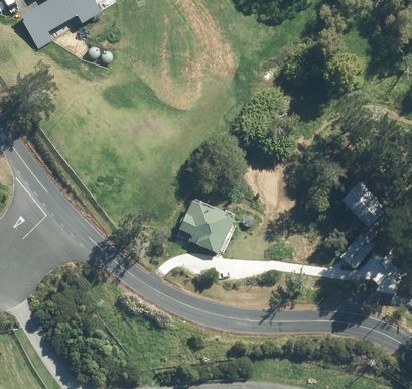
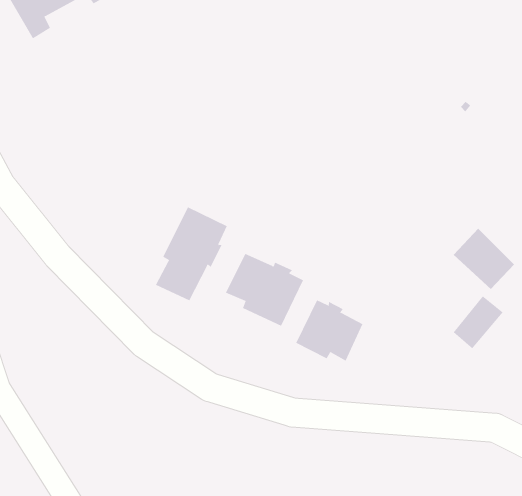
building: none -> [155,207,228,301]
building: none -> [296,299,363,361]

